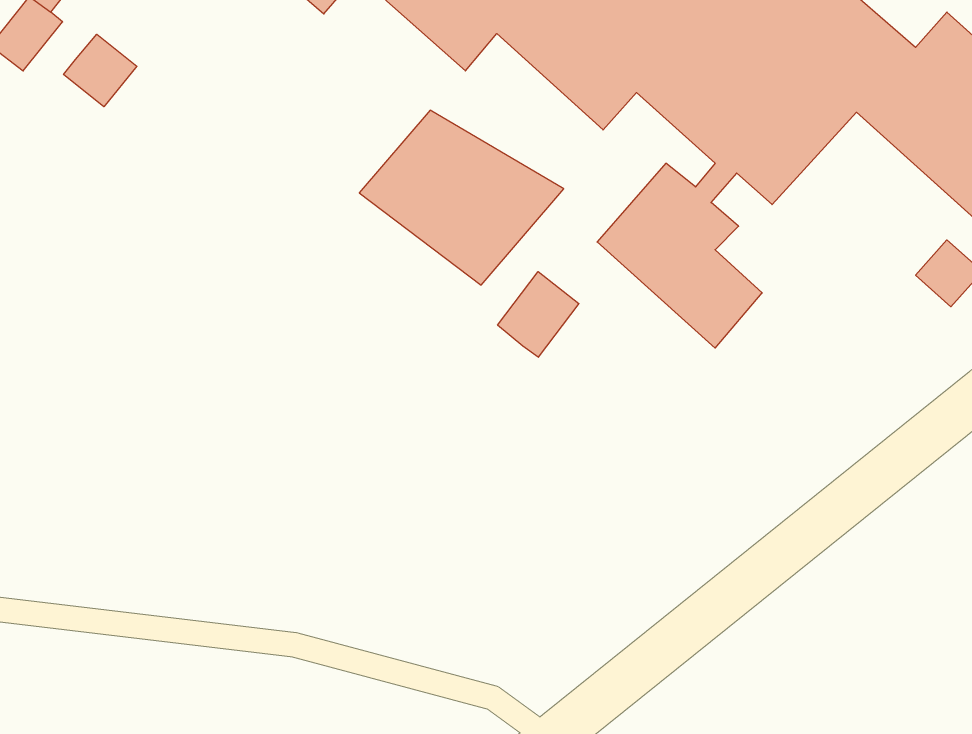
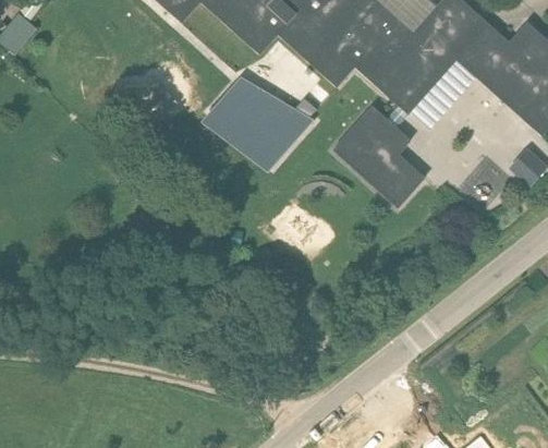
building: [64,34,137,107] -> none
building: [498,272,579,357] -> none

